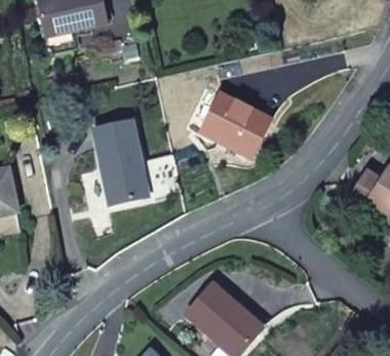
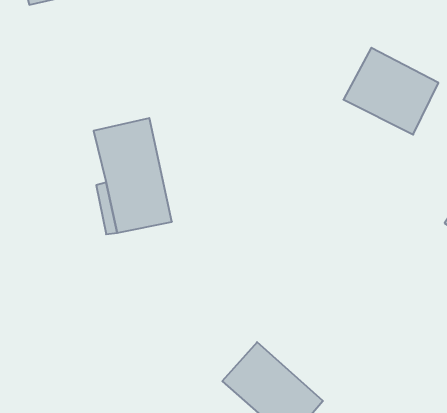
building: [199,92,269,156] -> [343,48,438,135]

